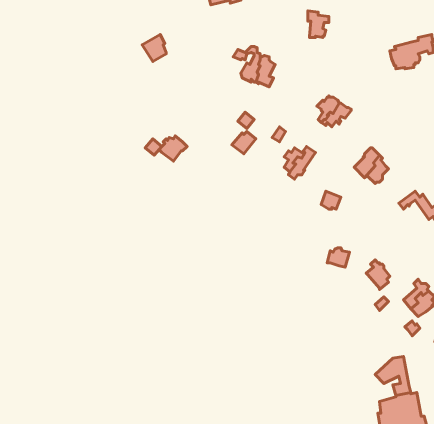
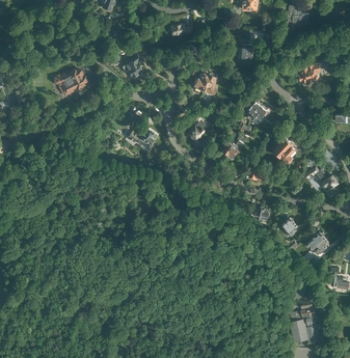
building: none -> [53,67,85,95]

